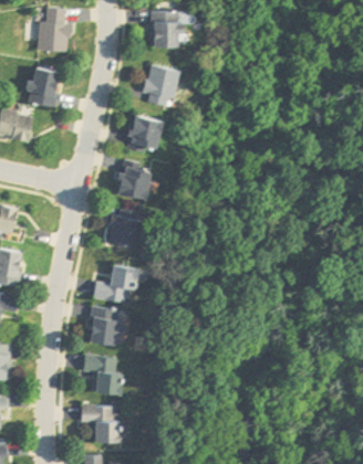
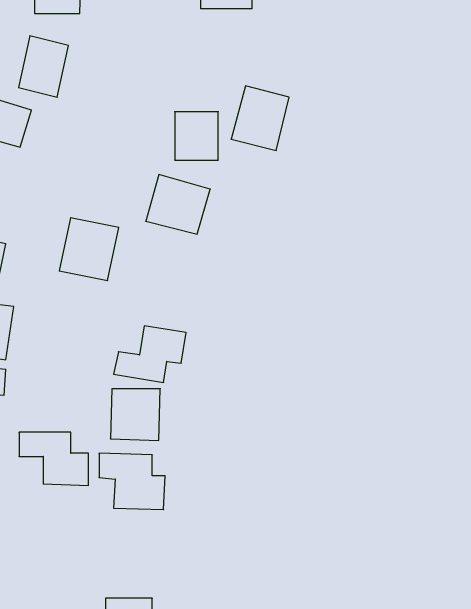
building: [139,64,179,108] -> [231,86,289,150]
building: [104,207,145,250] -> [59,218,119,281]
building: [79,402,126,439] -> [19,432,88,485]

